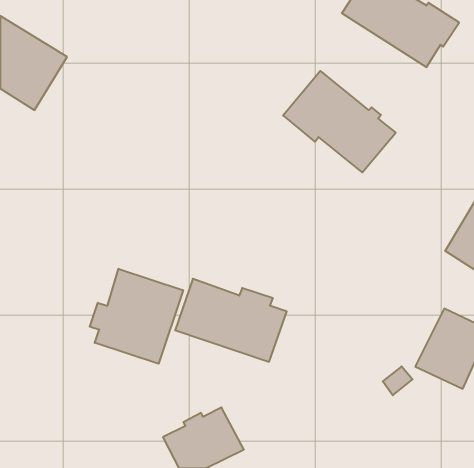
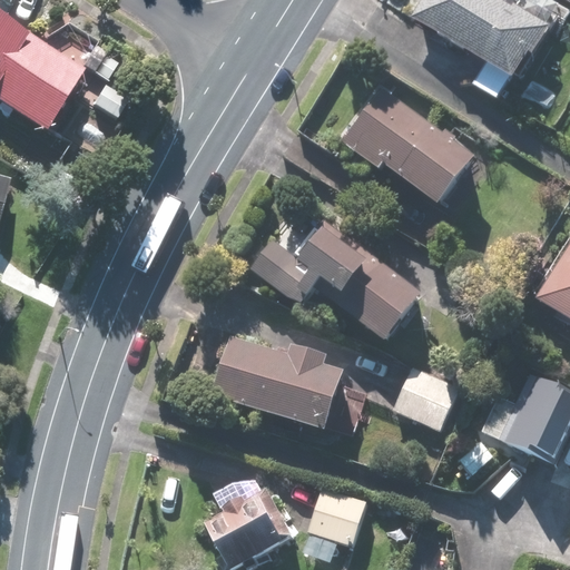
building: none -> [252,216,423,343]
building: [90,269,183,364] -> none
building: none -> [394,364,461,429]
building: none -> [308,483,368,543]

